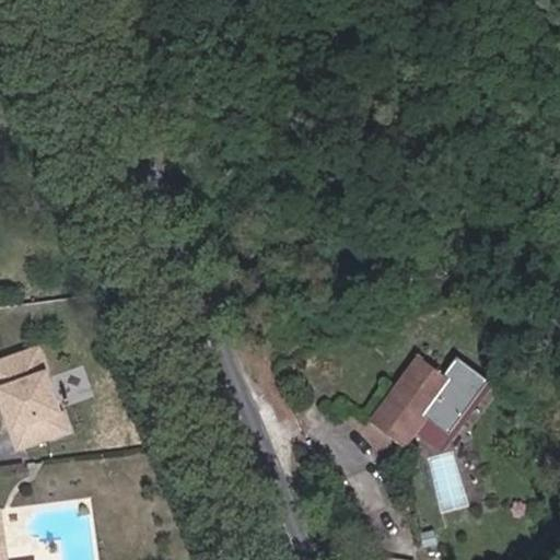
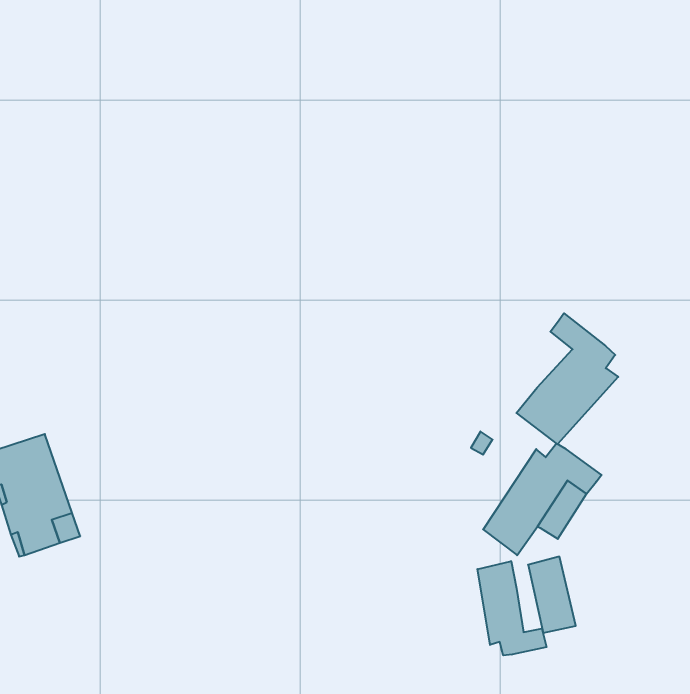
building: none -> [516,313,618,444]
building: none -> [477,561,547,655]

